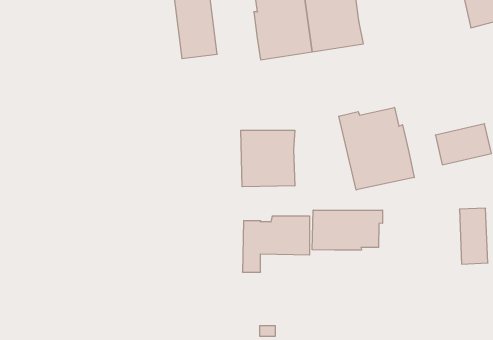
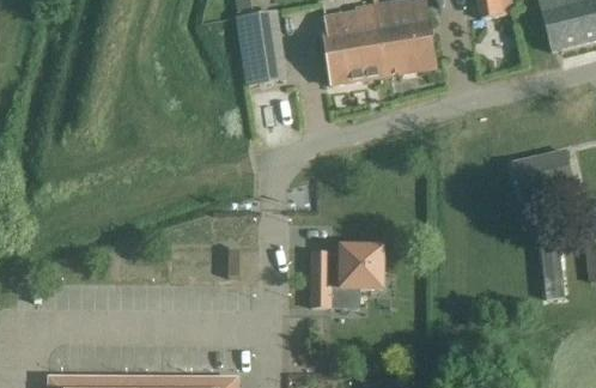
building: [339,107,414,190] -> none
building: [241,130,295,187] -> none
building: [312,210,382,250] -> none

